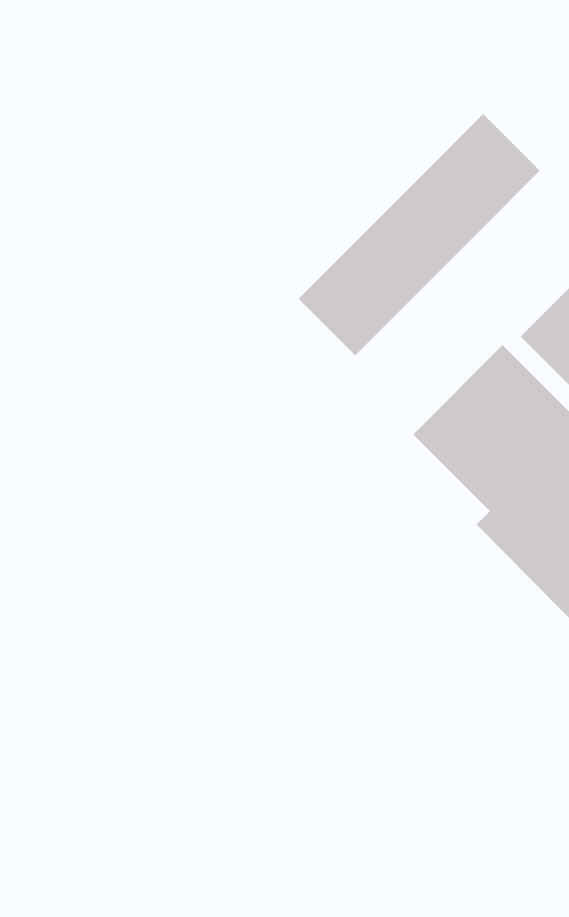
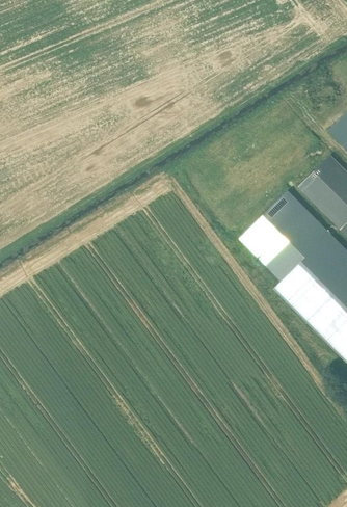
building: [298,113,541,356] -> none

